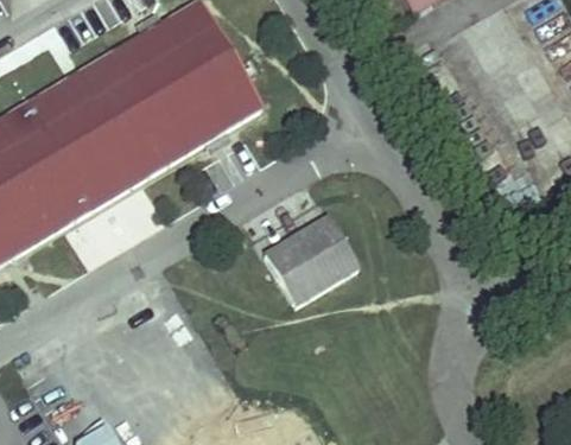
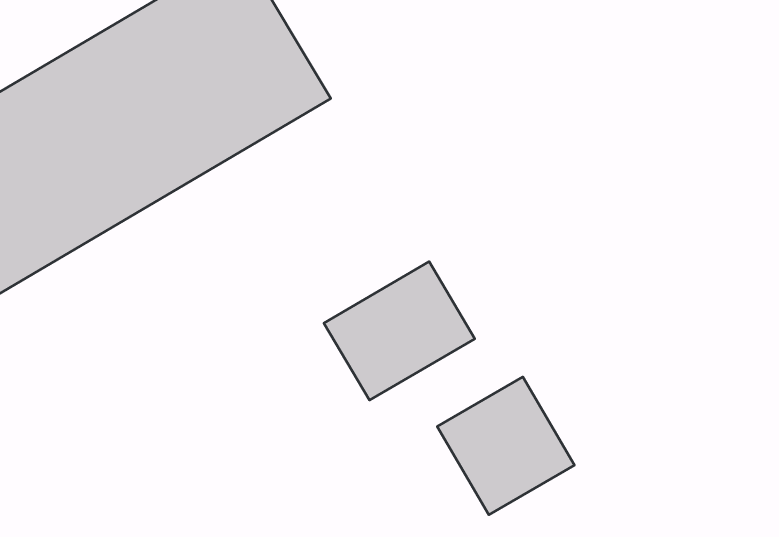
building: none -> [437,377,575,515]

